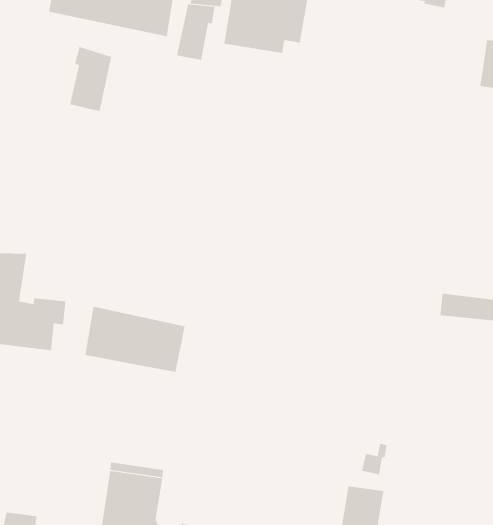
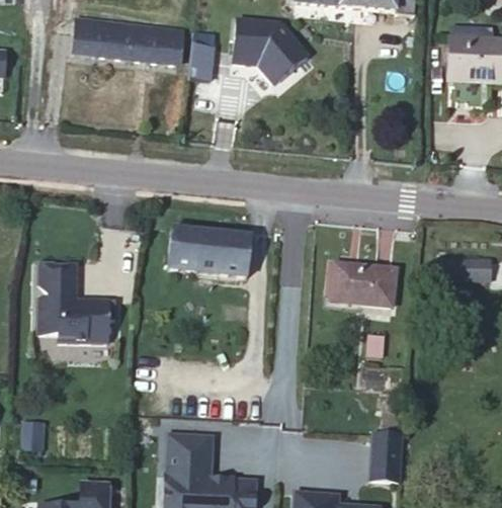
building: [69,46,112,112] -> none
building: none -> [331,263,397,307]
building: [84,306,185,373] -> [168,227,252,276]

